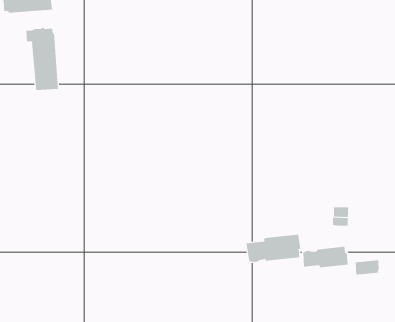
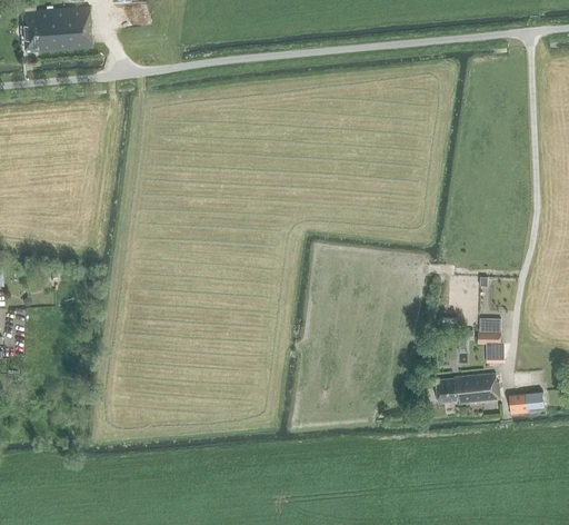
building: [26,27,59,91] -> none
building: [246,234,301,263] -> none

